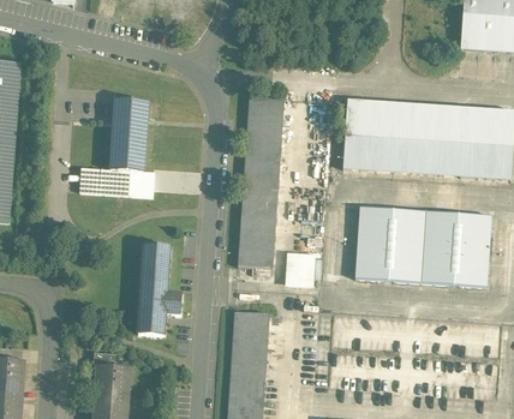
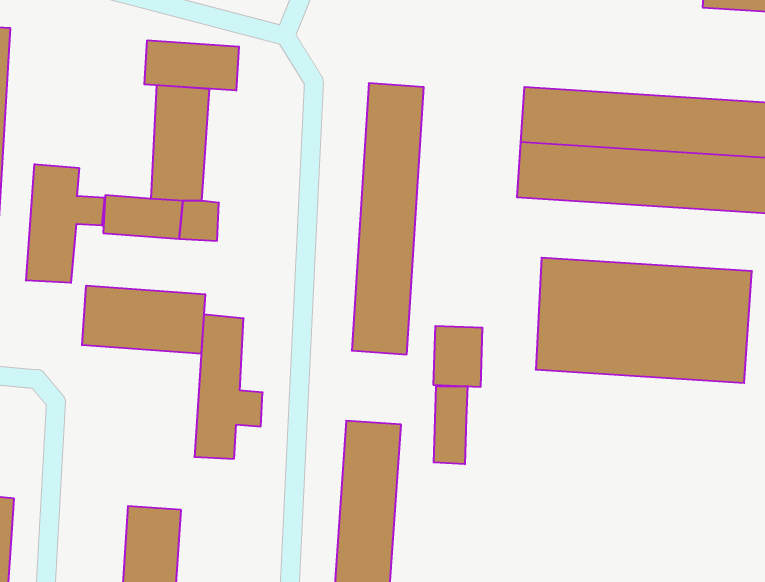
building: none -> [144,40,239,91]
building: none -> [26,164,104,283]
building: none -> [82,286,205,354]
building: none -> [434,386,467,464]

